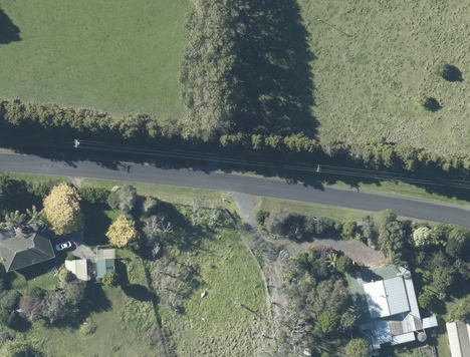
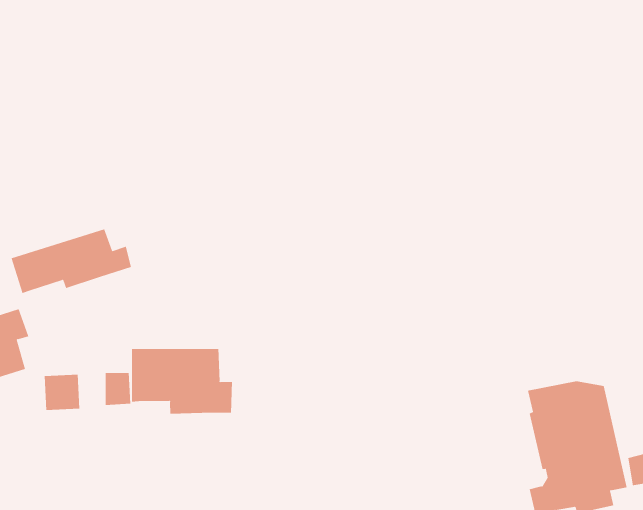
building: none -> [11,229,131,294]
building: none -> [132,348,233,414]

